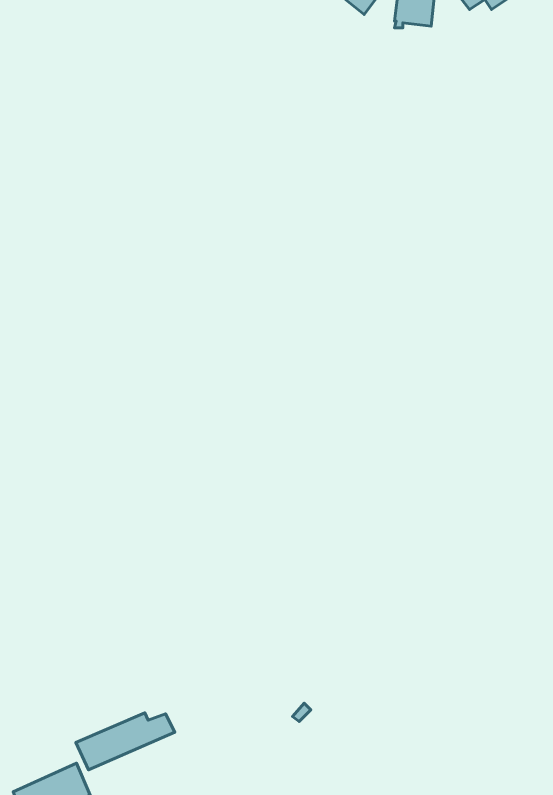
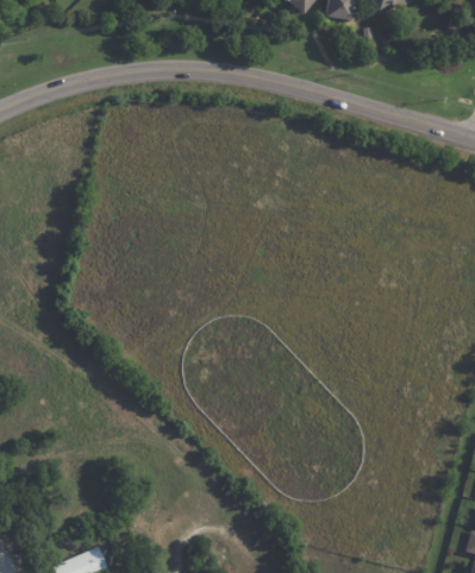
building: [76,713,175,770] -> none

